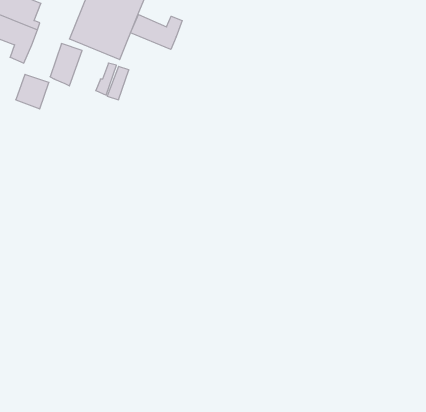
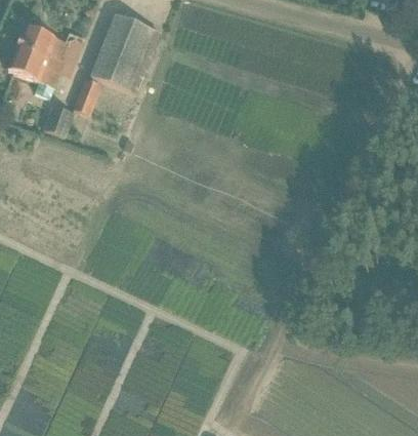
building: [130,15,182,49] -> none

